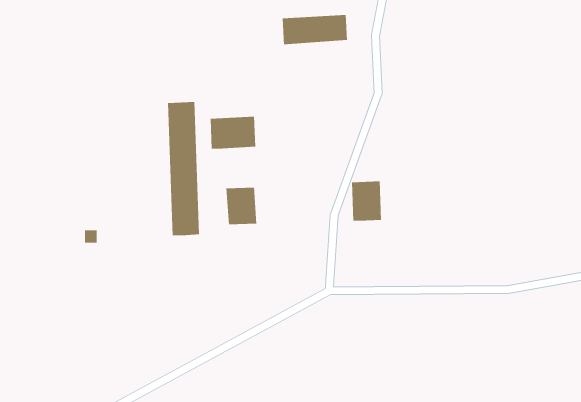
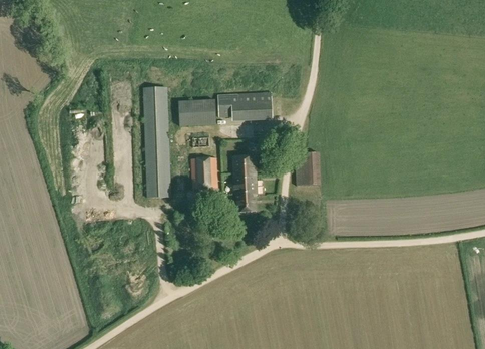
building: [282,14,348,45] -> [217,92,272,117]
building: none -> [232,155,256,212]

